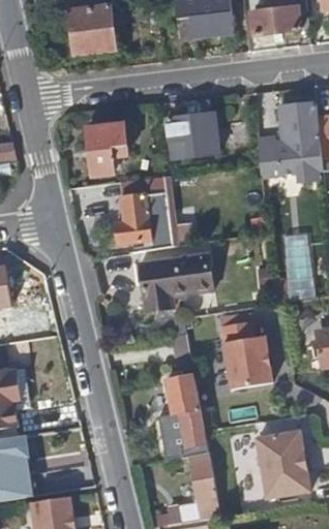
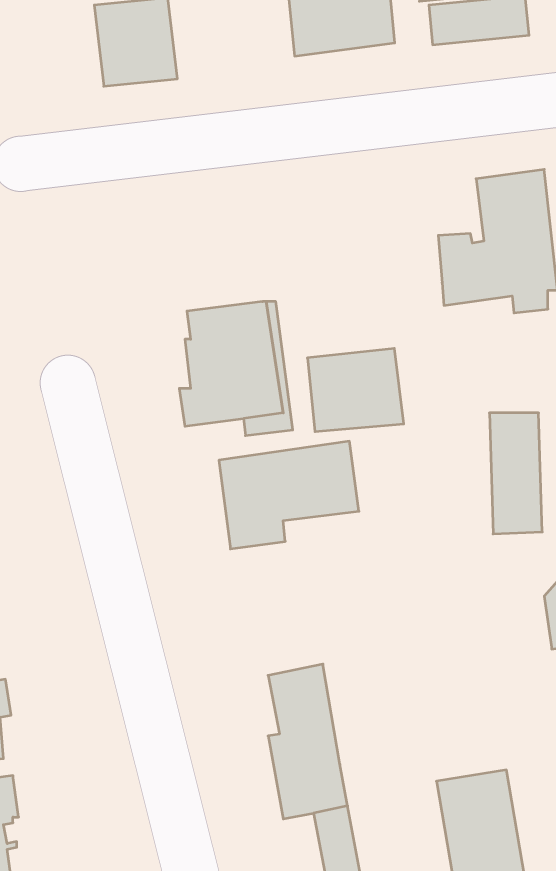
building: [166,116,218,161] -> [307,348,404,432]
building: [85,123,126,175] -> none
building: [222,319,272,385] -> none

